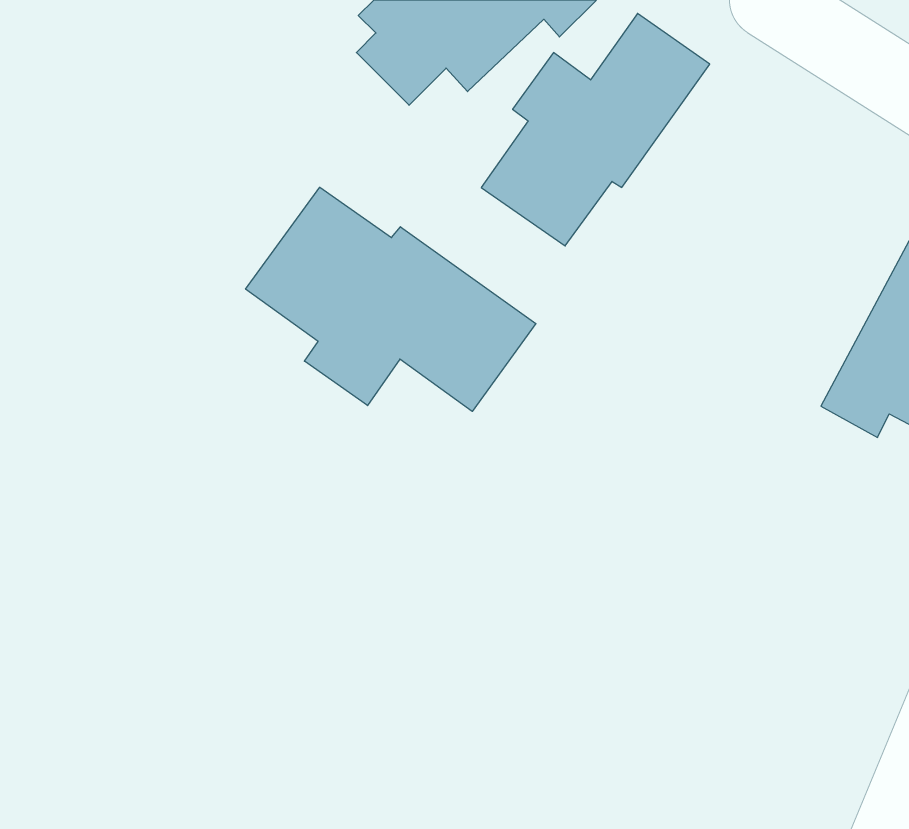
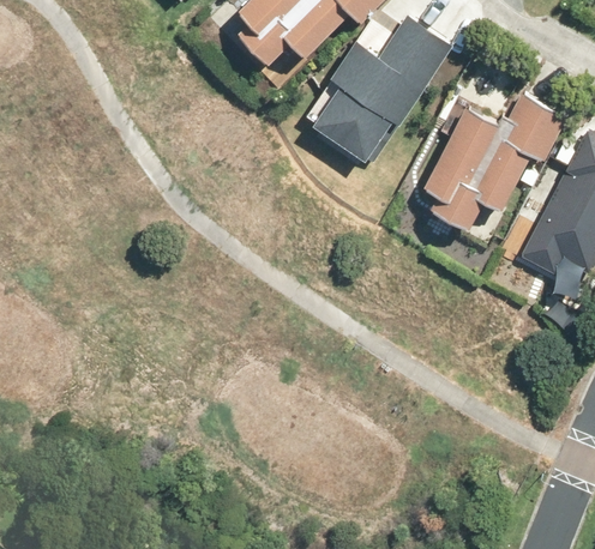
building: none -> [425,96,569,233]
building: [246,187,536,411] -> none

